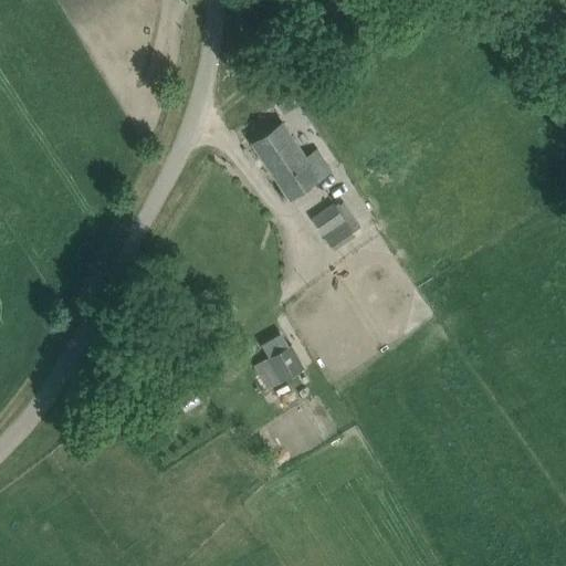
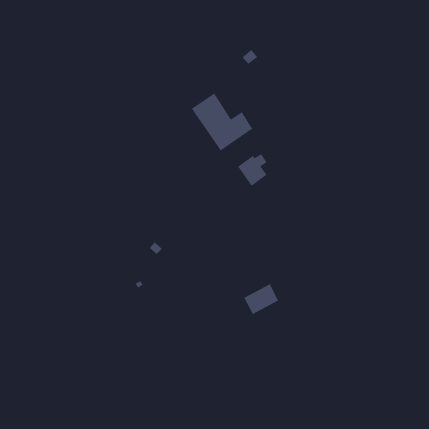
building: [255,347,303,389] -> [243,283,279,315]

